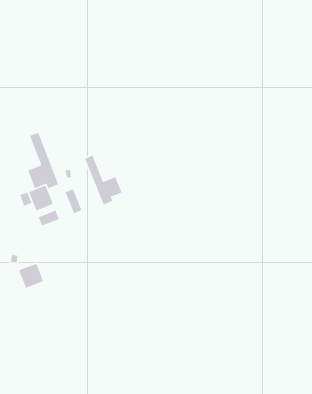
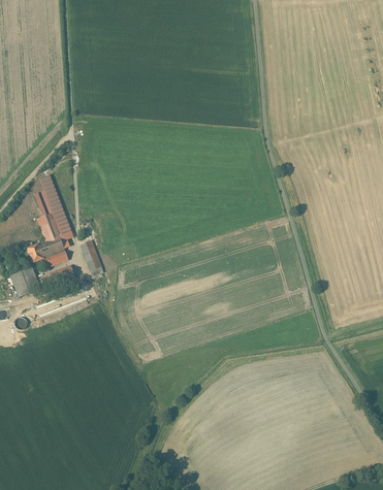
building: [84,155,123,206] -> none
building: [18,263,44,289] -> [9,267,39,297]

